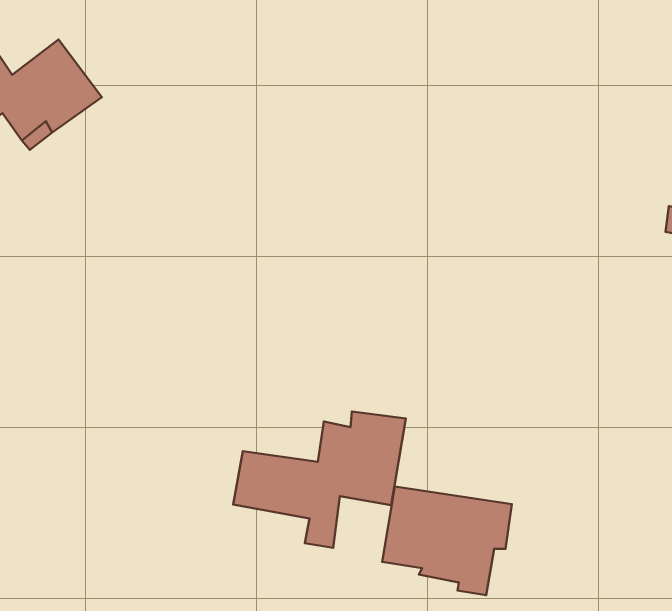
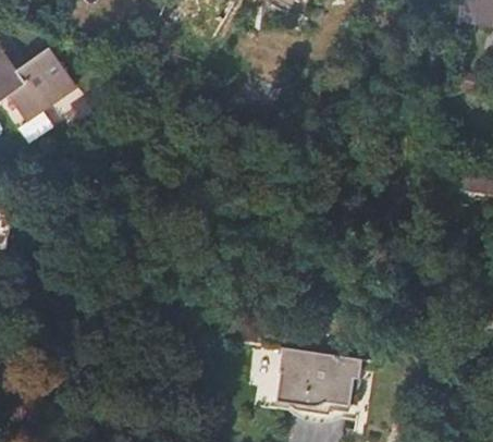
building: [233,412,406,548] -> none

